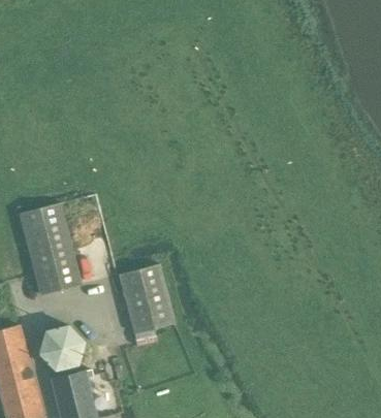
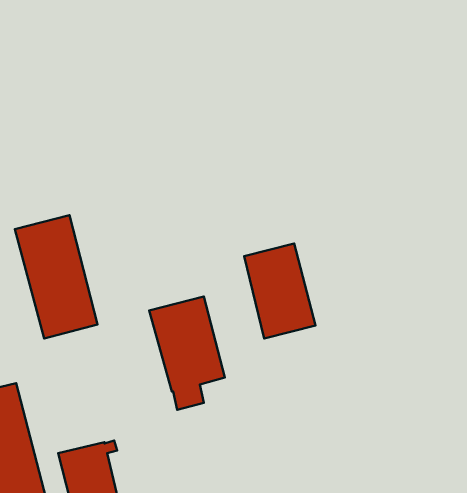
building: none -> [244,243,315,339]
building: [38,325,86,373] -> none

